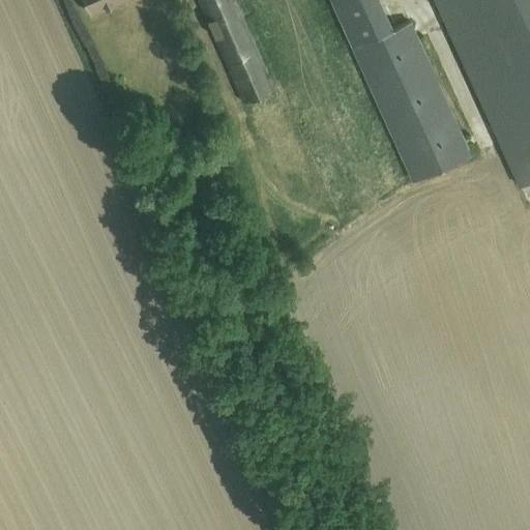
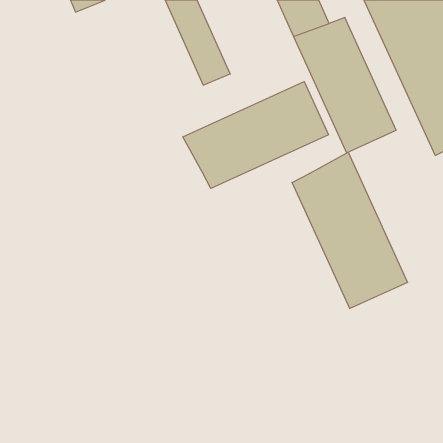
building: none -> [183,82,328,188]
building: none -> [292,152,407,309]

